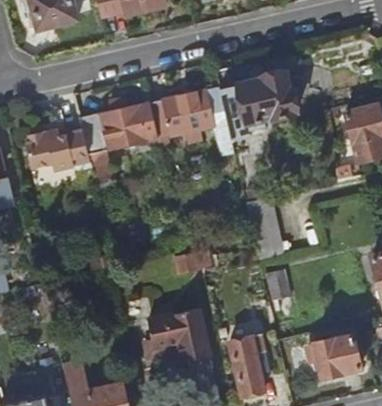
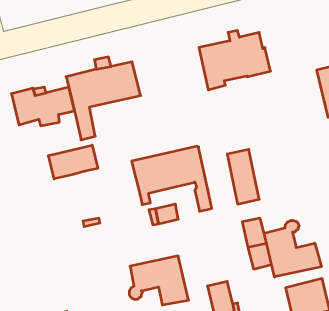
building: [149,87,234,156] -> [132,146,212,211]
building: none -> [48,145,98,179]
building: none -> [264,220,321,277]

